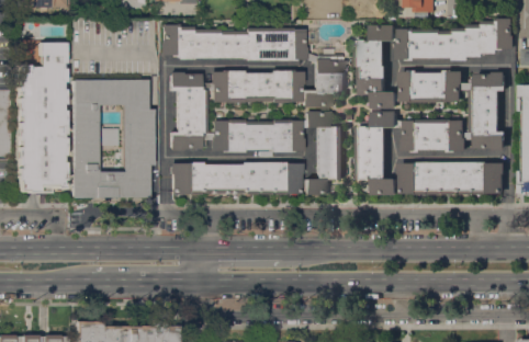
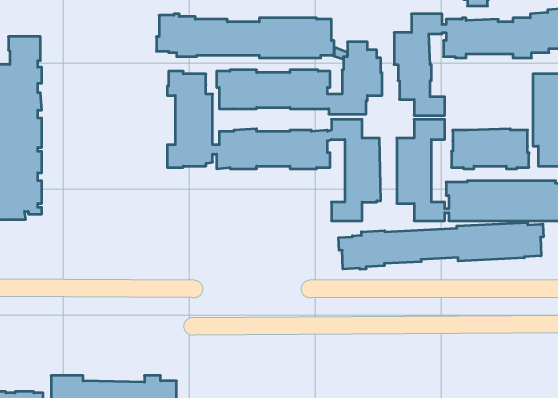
building: [398,71,463,103] -> none
building: [71,81,153,198] -> none
building: [170,162,302,195] -> none
building: none -> [339,222,543,269]

